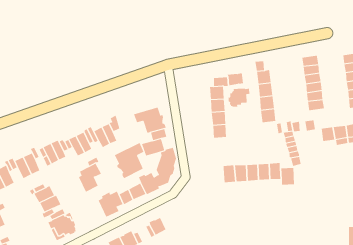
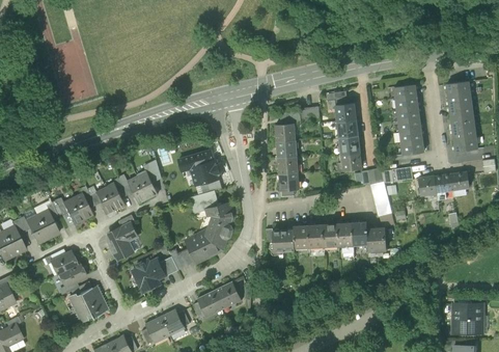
building: [228,88,250,108] -> none
building: [114,142,144,179] -> none
building: none -> [273,229,295,251]
building: none -> [213,281,242,310]

